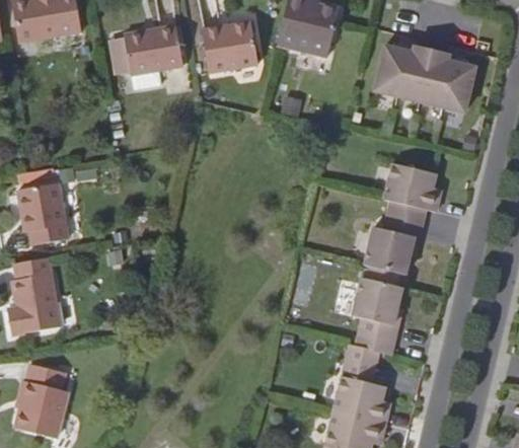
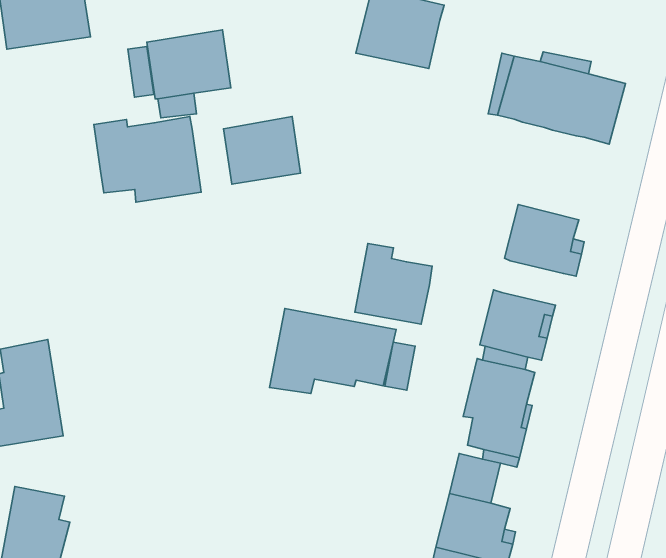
building: [202,22,258,72] -> [224,117,301,184]
building: none -> [94,116,201,202]
building: [19,182,67,242] -> none
building: none -> [355,244,432,324]
building: [382,198,428,230] -> none
building: none -> [270,309,396,393]

